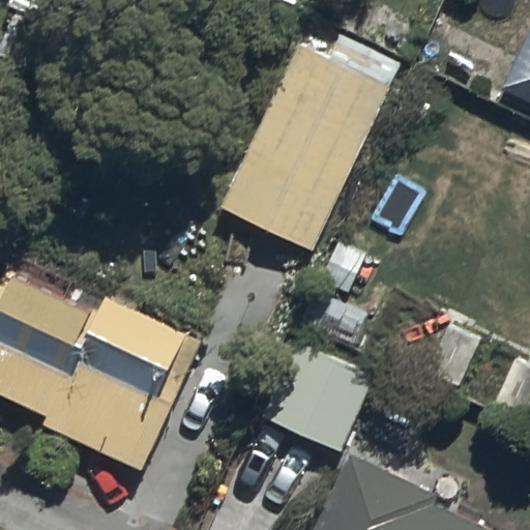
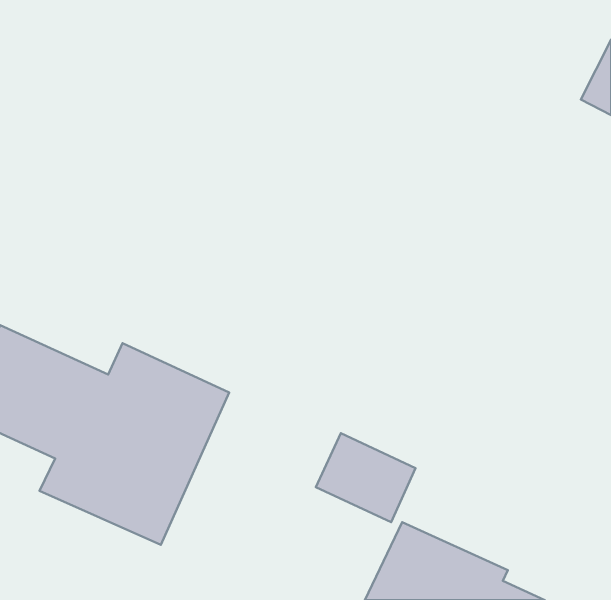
building: [226,50,385,252] -> none

